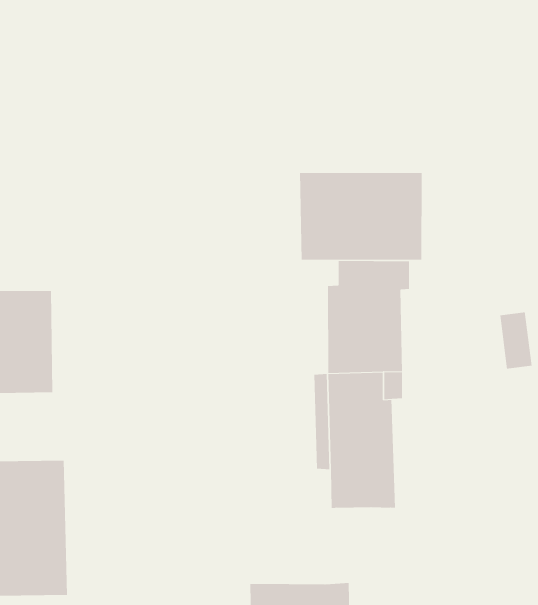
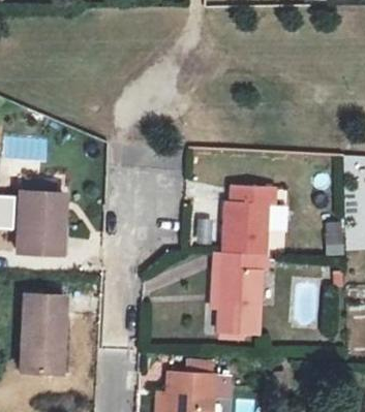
building: [300,172,422,261] -> none

